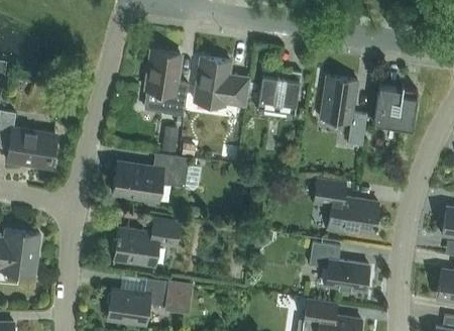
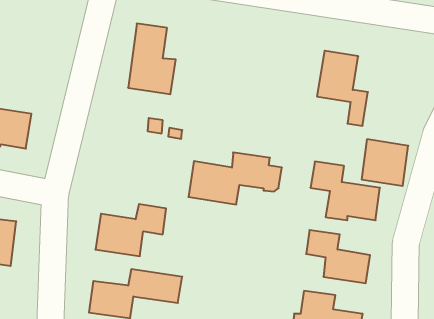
building: [195,58,249,106] -> none
building: [257,71,302,115] -> none
building: [374,86,418,129] -> [362,139,408,186]
building: [114,153,201,202] -> [188,152,282,204]

